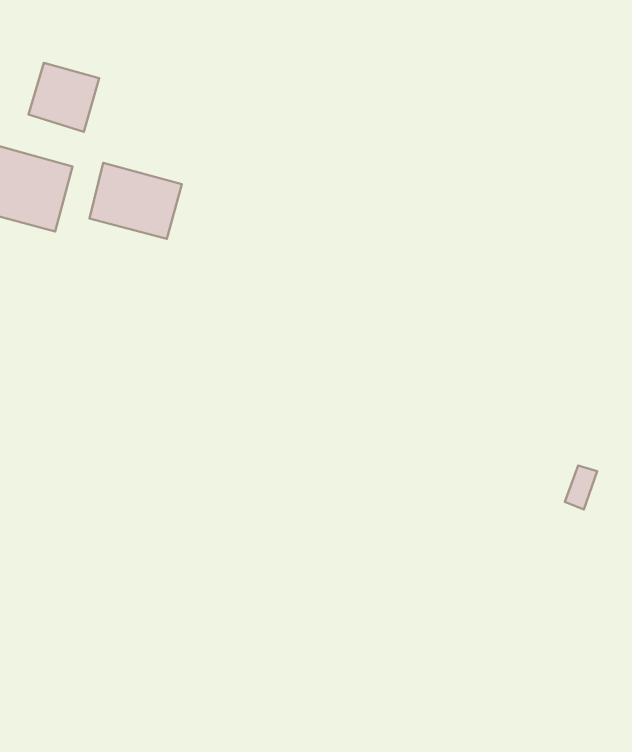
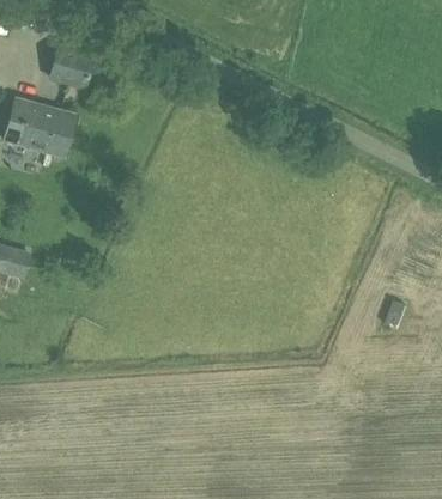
building: [90,163,182,239] -> none

